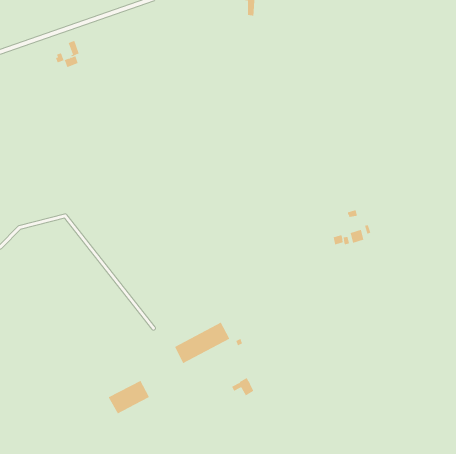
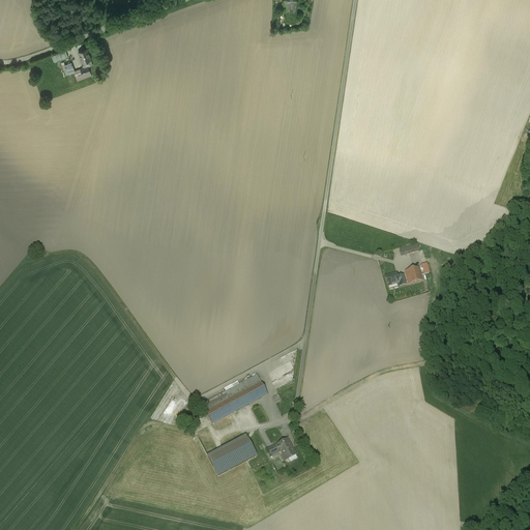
building: [108,380,150,414] -> [207,435,256,474]

